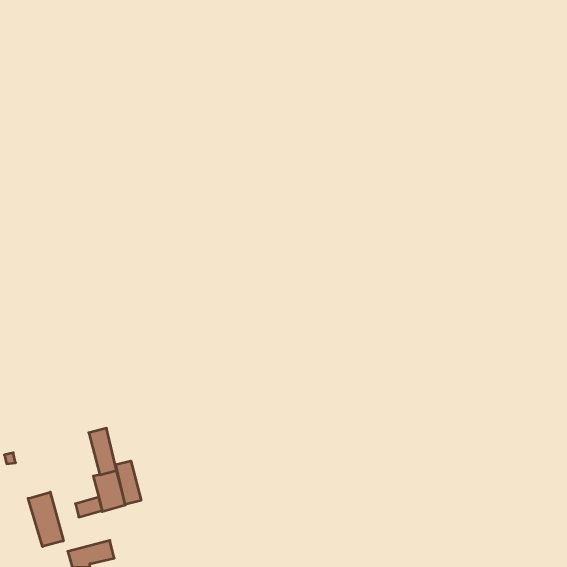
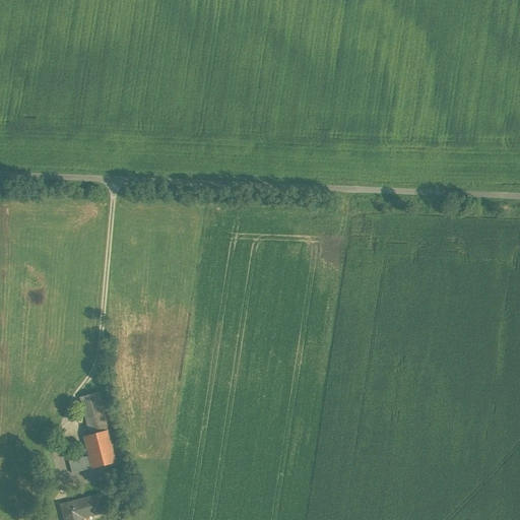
building: [116,461,141,504] -> none
building: [28,492,63,547] -> none

